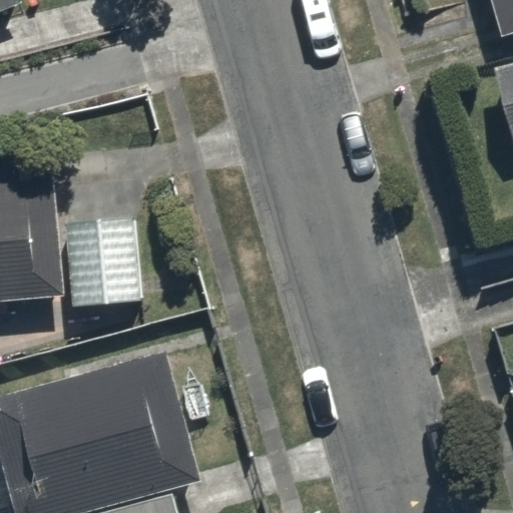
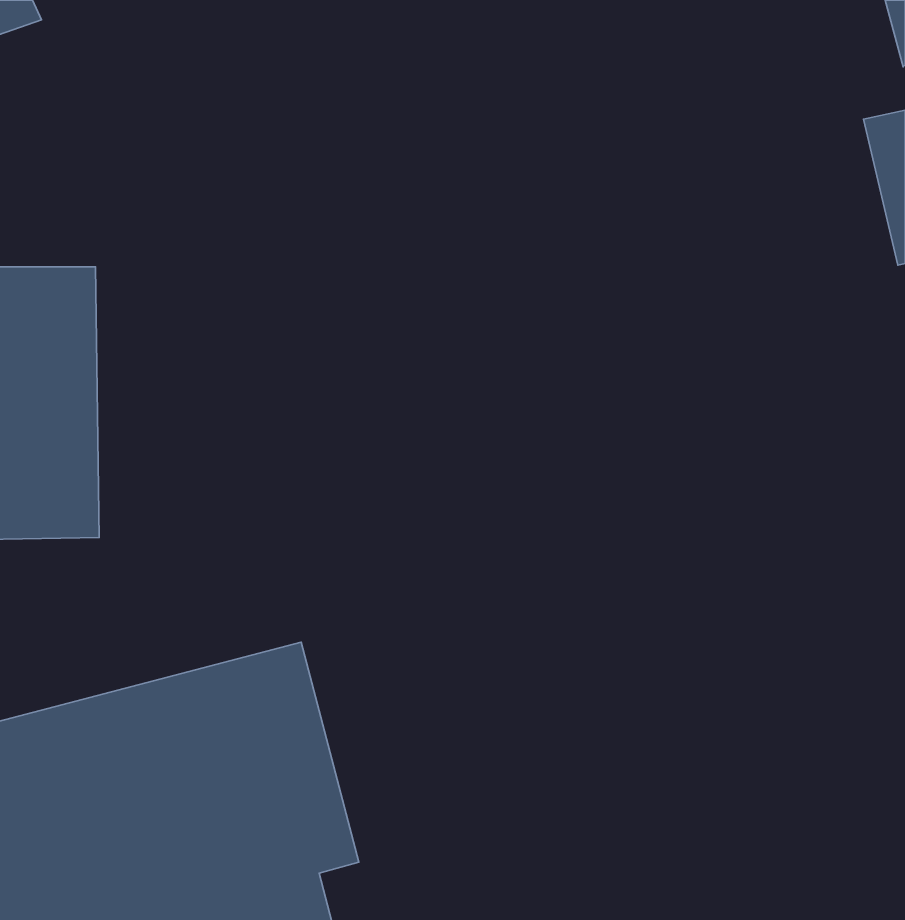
building: [68,214,140,303] -> none

